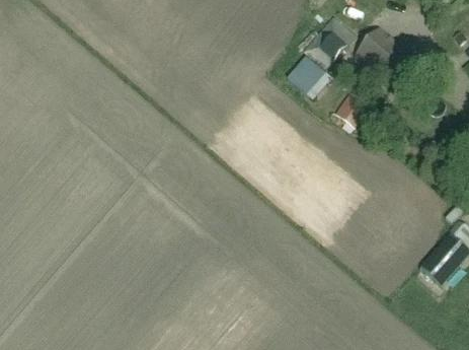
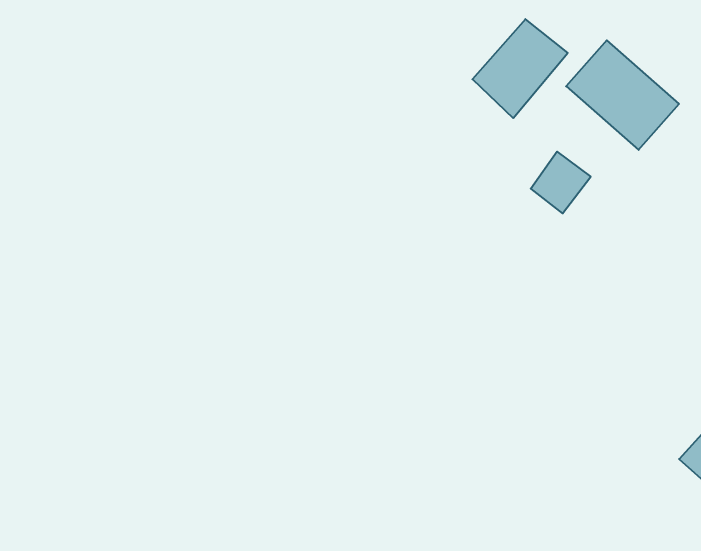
building: [285,56,324,95] -> none

